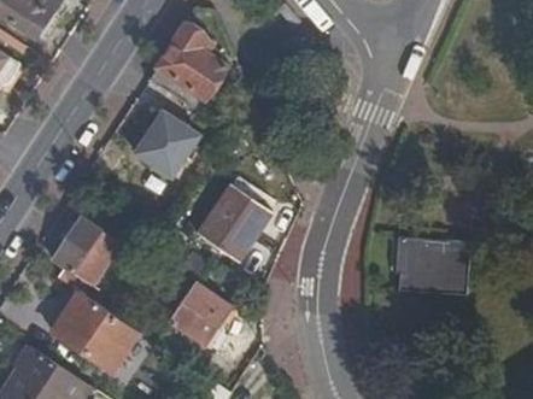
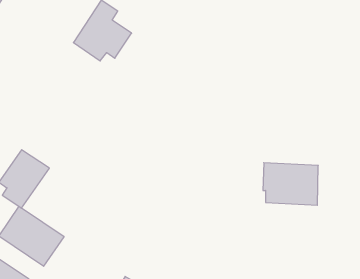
building: [139,106,212,182] -> none
building: [200,187,270,260] -> none
building: [170,284,233,346] -> none

